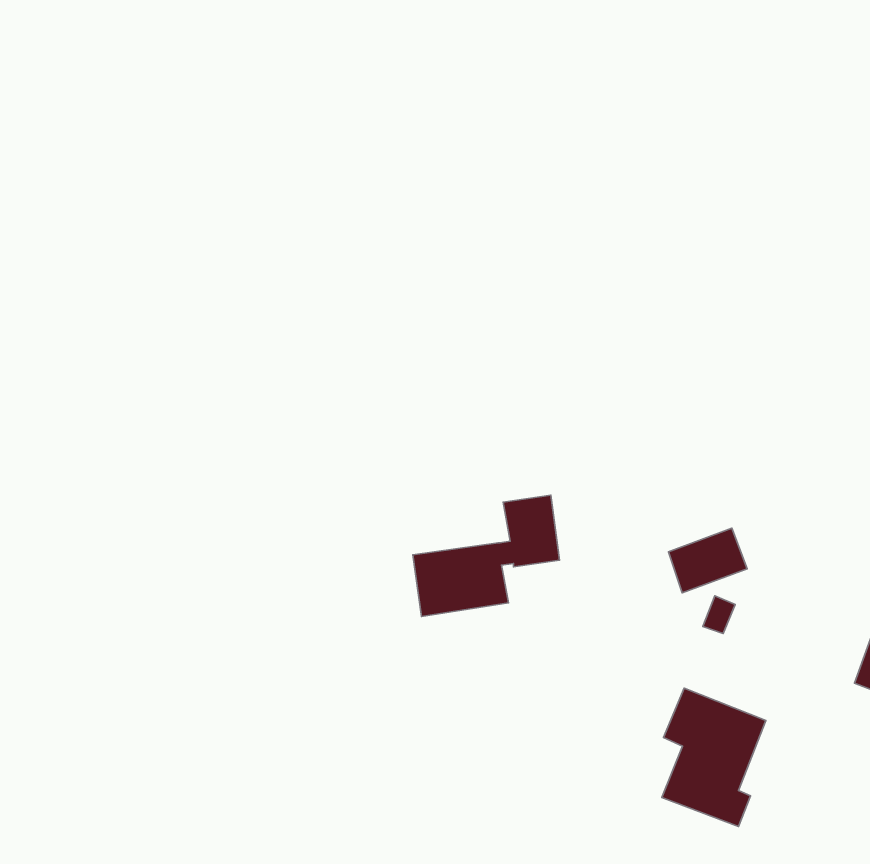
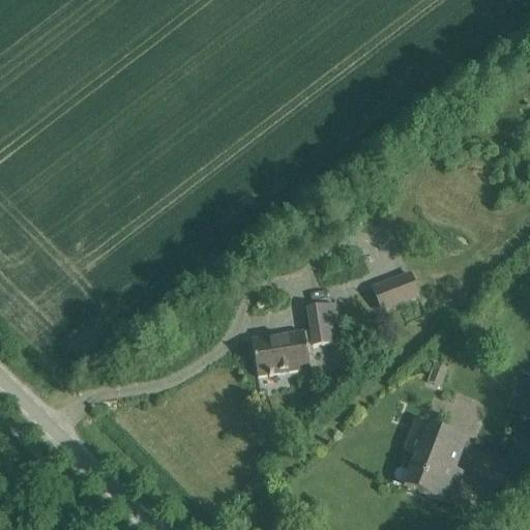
building: [669,528,747,593] -> [372,270,419,310]

